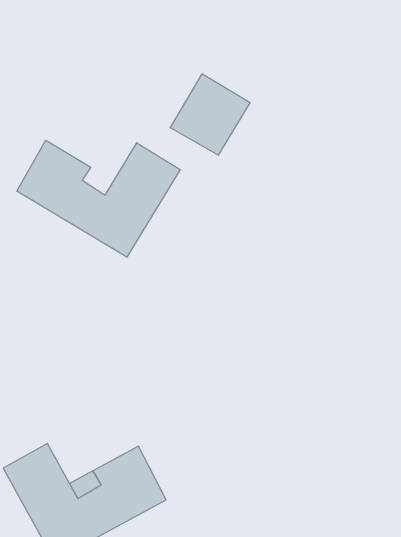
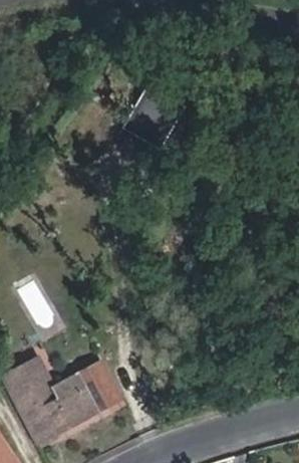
building: [17,140,180,257] -> none

